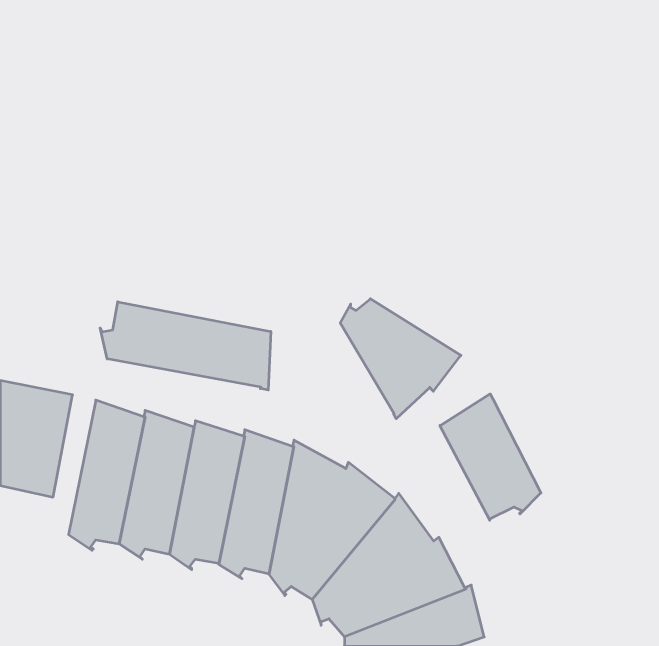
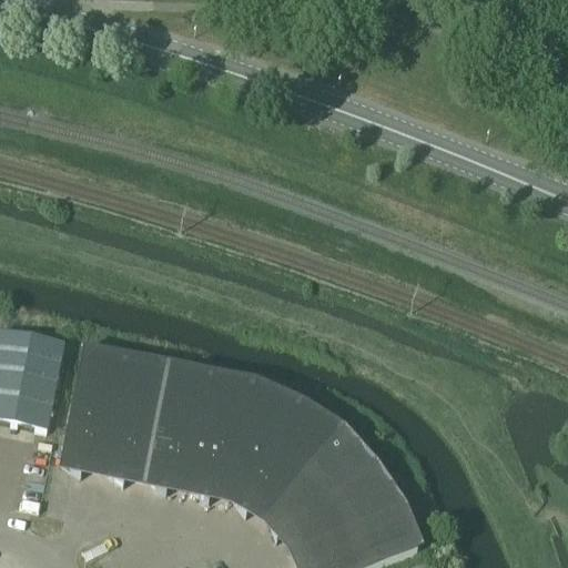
building: [340,299,461,419] -> none
building: [100,302,271,390] -> none
building: [440,394,541,520] -> none

